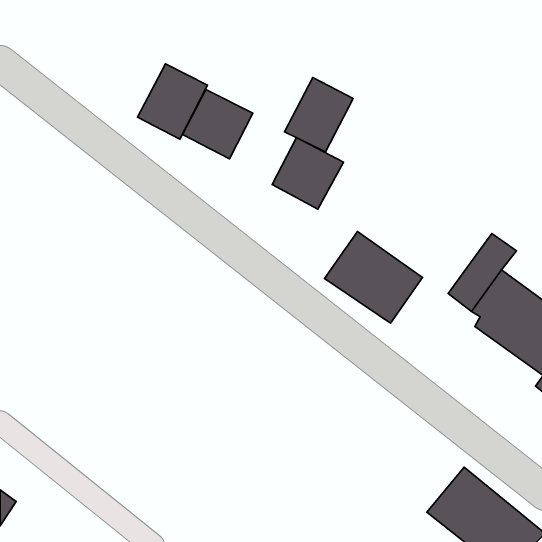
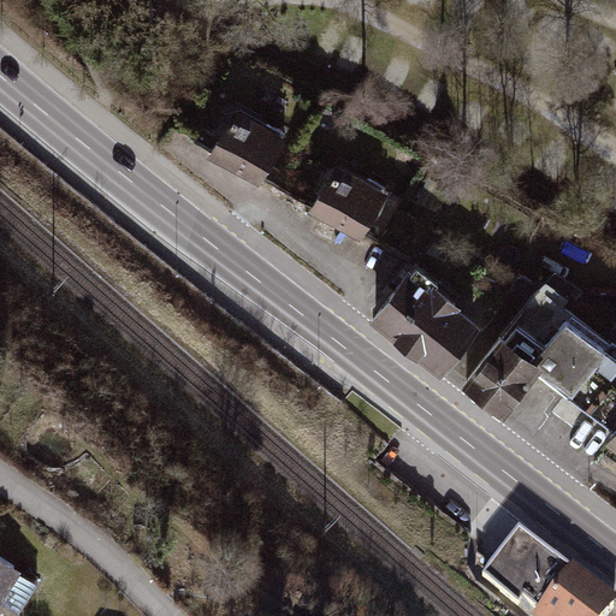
building: [138,64,207,139] -> none
building: [285,78,353,152] -> none
building: none -> [466,331,545,413]

